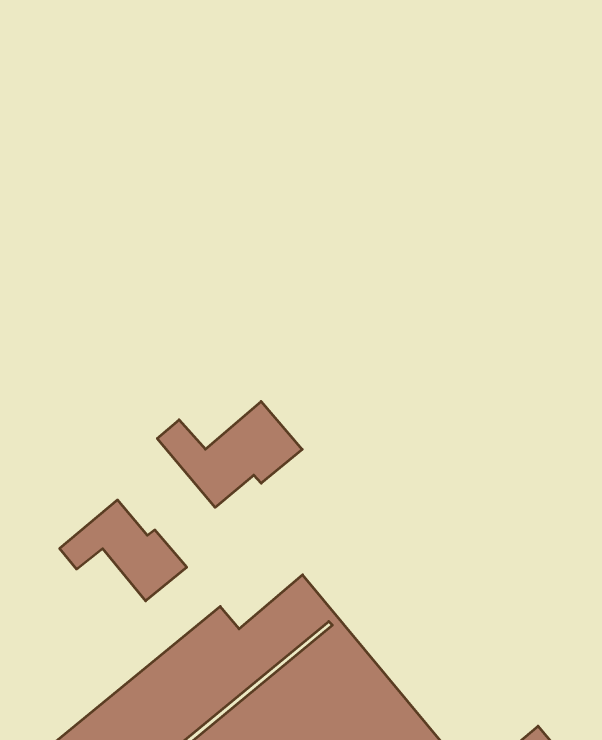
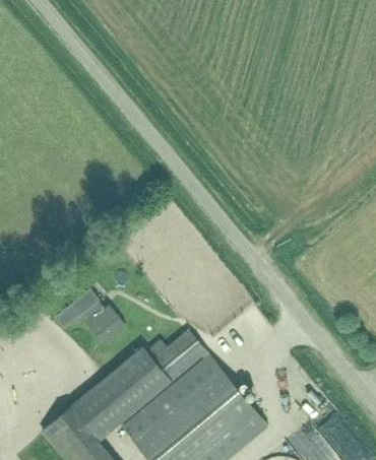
building: [157,401,302,507] -> none

